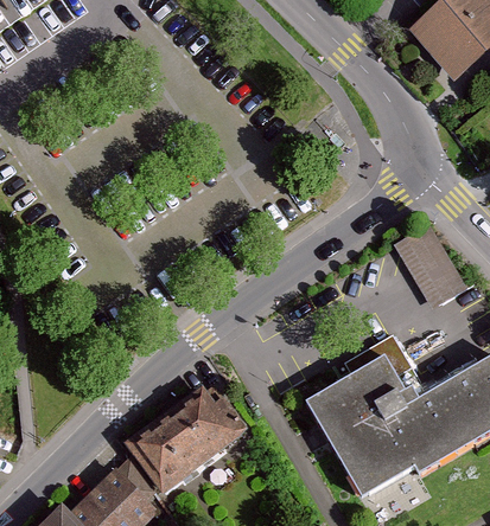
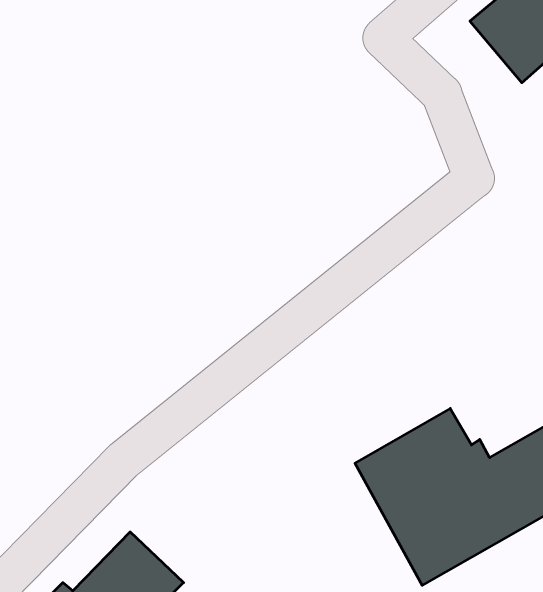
building: [392,223,464,306] -> none
building: [126,379,246,493] -> none

